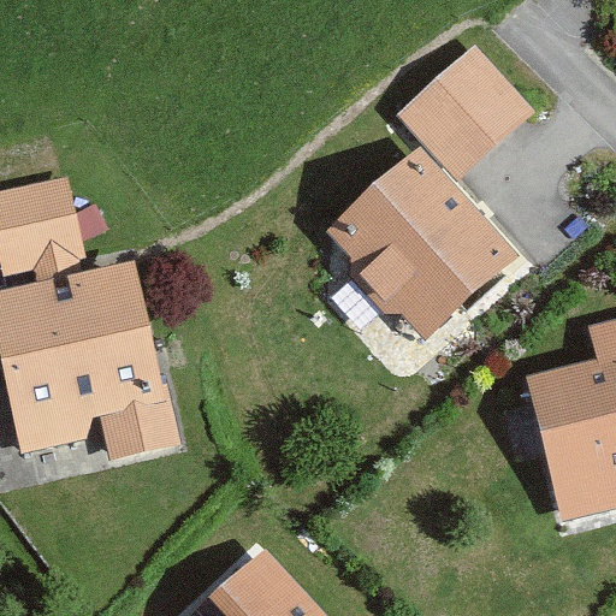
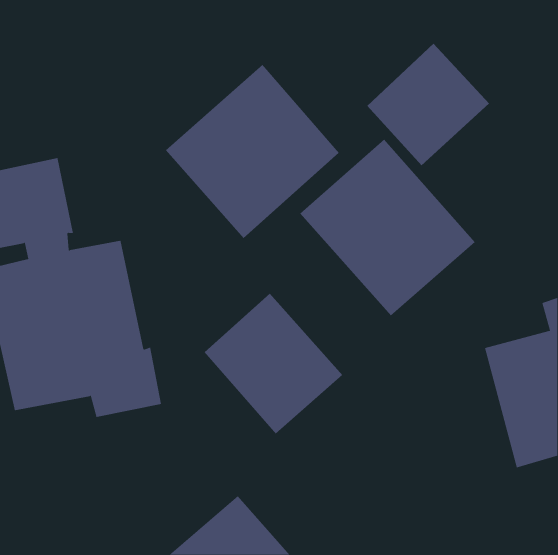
building: none -> [165,64,340,239]
building: none -> [204,293,343,434]

